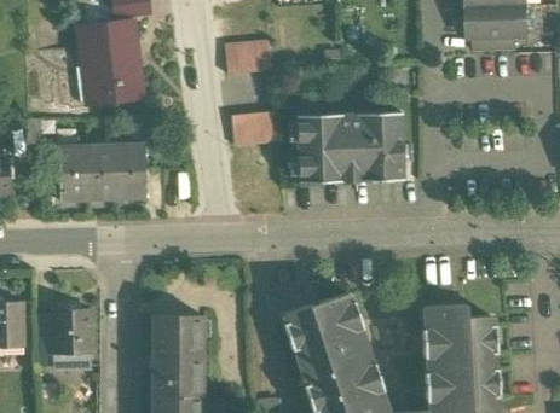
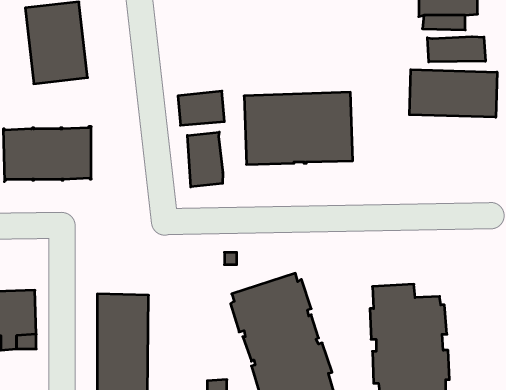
building: [225,42,271,76] -> none
building: none -> [427,37,485,62]
building: none -> [409,70,497,117]
building: none -> [187,132,223,187]

